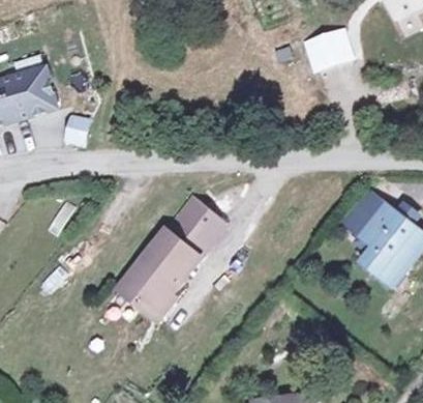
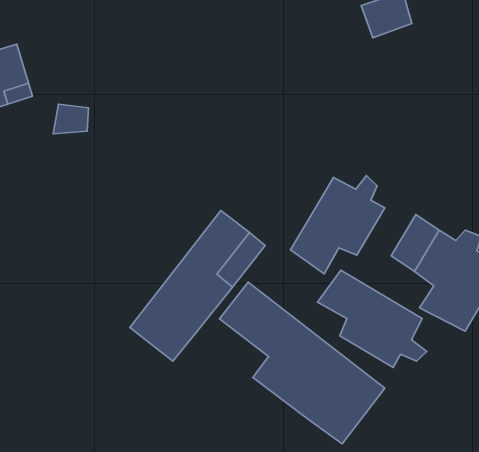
building: none -> [291,176,385,274]
building: none -> [317,270,427,367]
building: none -> [220,282,385,444]

